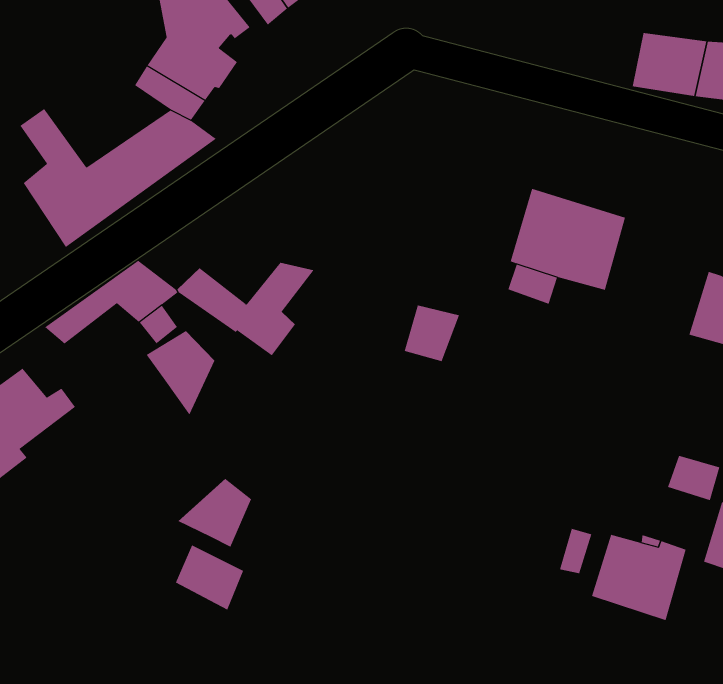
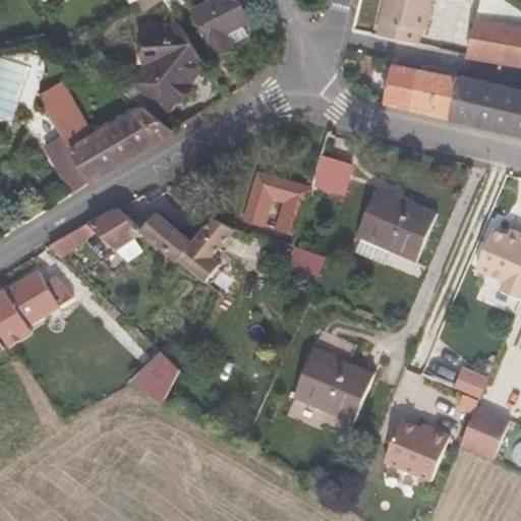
building: none -> [383,70,459,119]
building: none -> [310,151,346,189]
building: none -> [244,168,308,231]
building: [146,330,215,415] -> none
building: none -> [294,346,374,420]
building: [175,545,244,610] -> none

